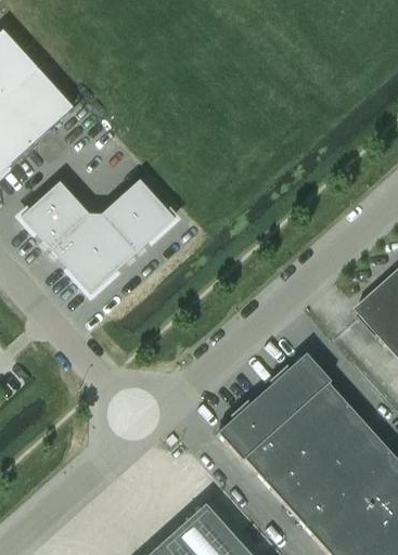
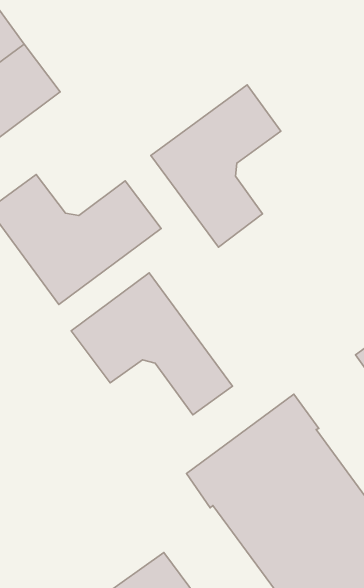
building: none -> [151,85,281,247]
building: none -> [71,273,233,415]

